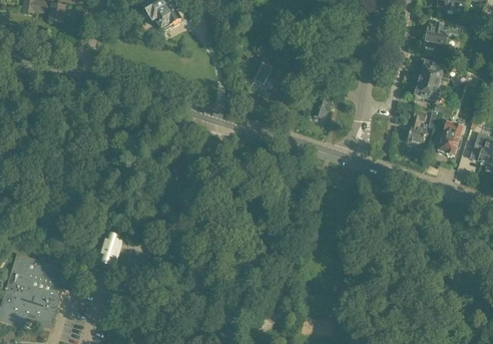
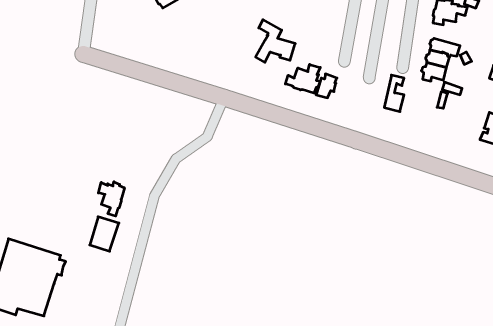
building: none -> [285,64,320,93]
building: [407,109,426,144] -> [384,75,404,112]
building: [437,121,462,156] -> none
building: none -> [98,182,124,216]

